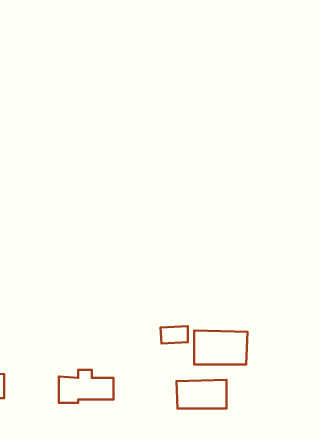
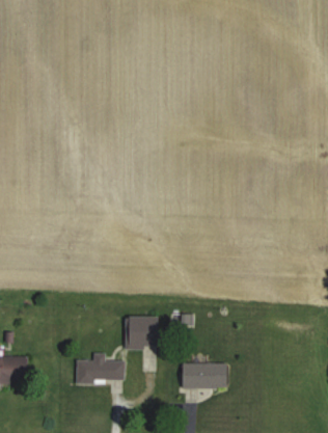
building: none -> [127,316,159,348]
building: [194,331,247,365] -> none

